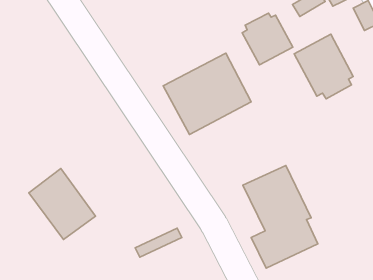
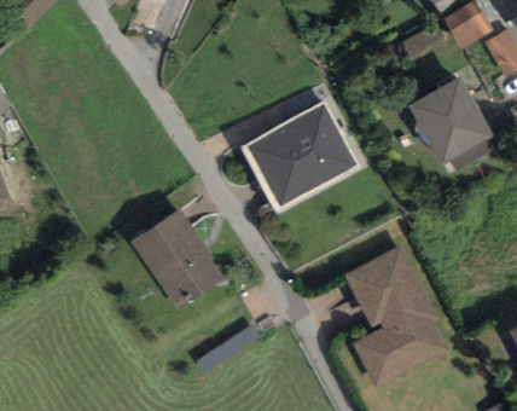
building: [242,13,293,65] -> none
building: [29,168,95,240] -> [133,212,219,303]

